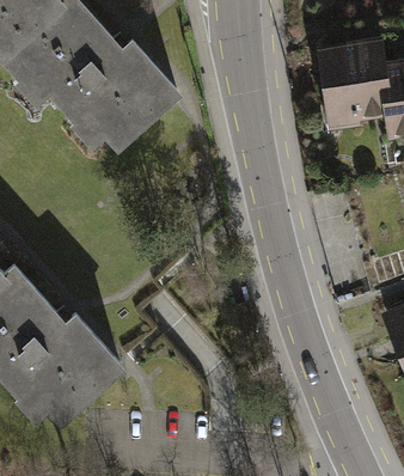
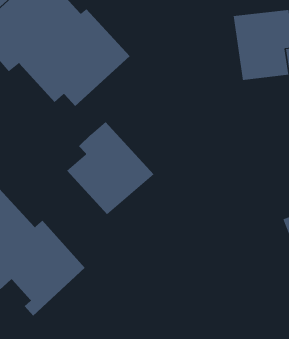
building: none -> [66,121,155,215]

